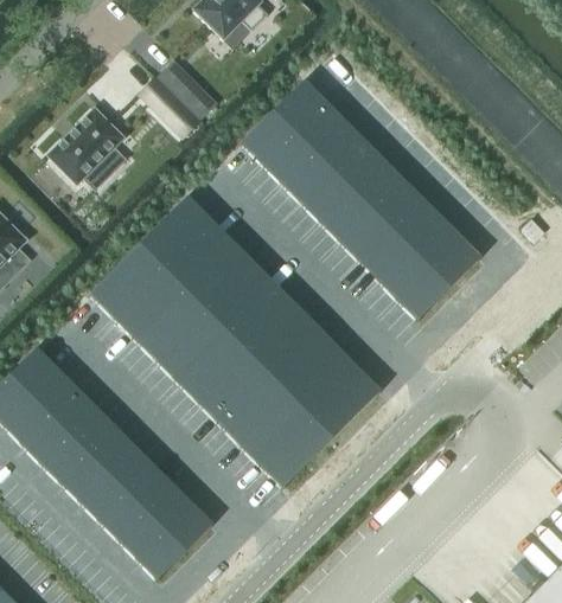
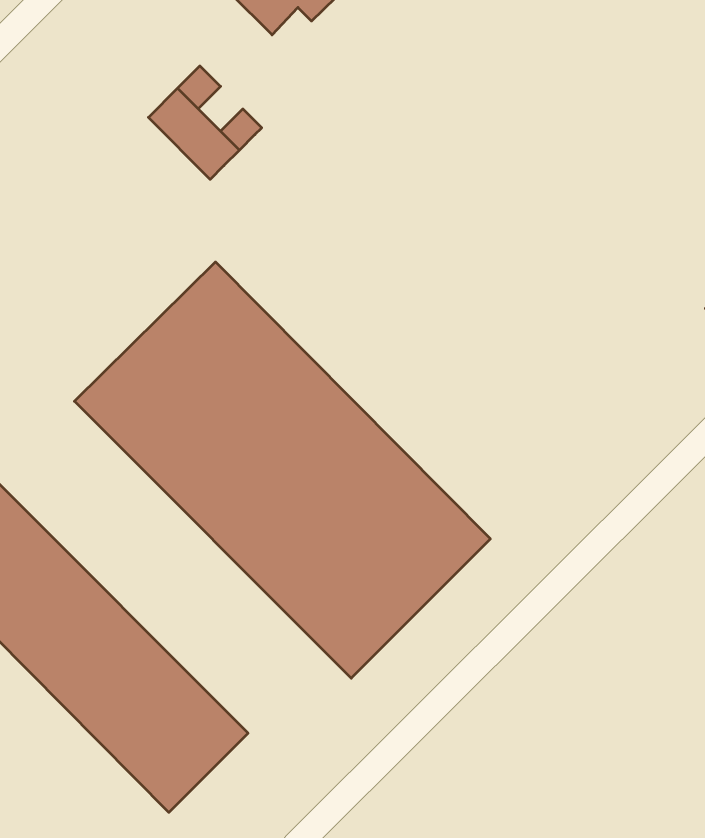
building: [242,82,478,317] -> none
building: [51,110,127,191] -> none

